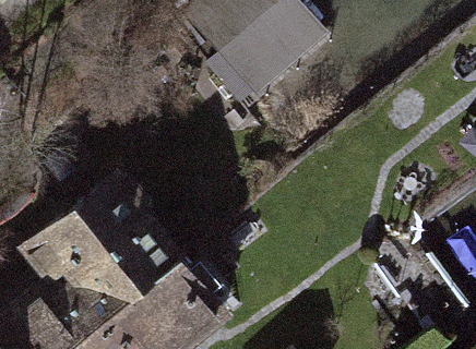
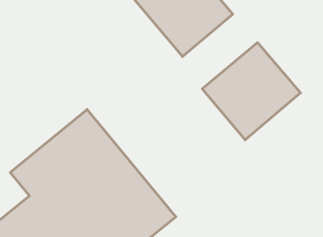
building: none -> [202,43,301,140]

